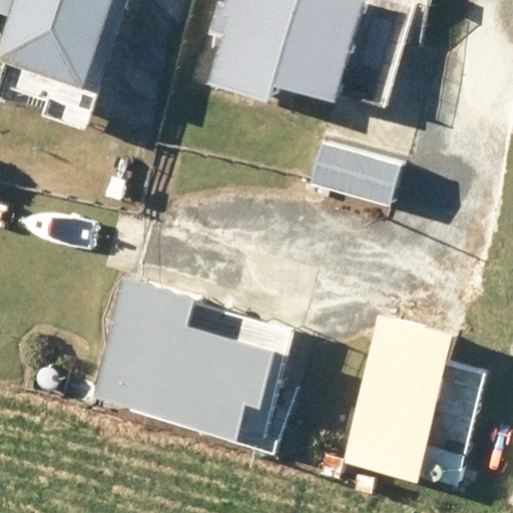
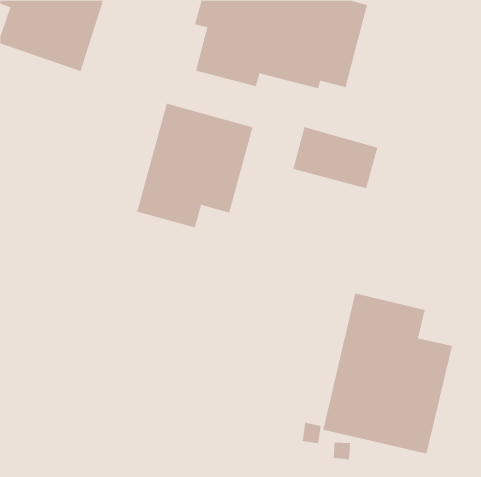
building: none -> [137,103,253,228]
building: [93,277,277,437] -> none

